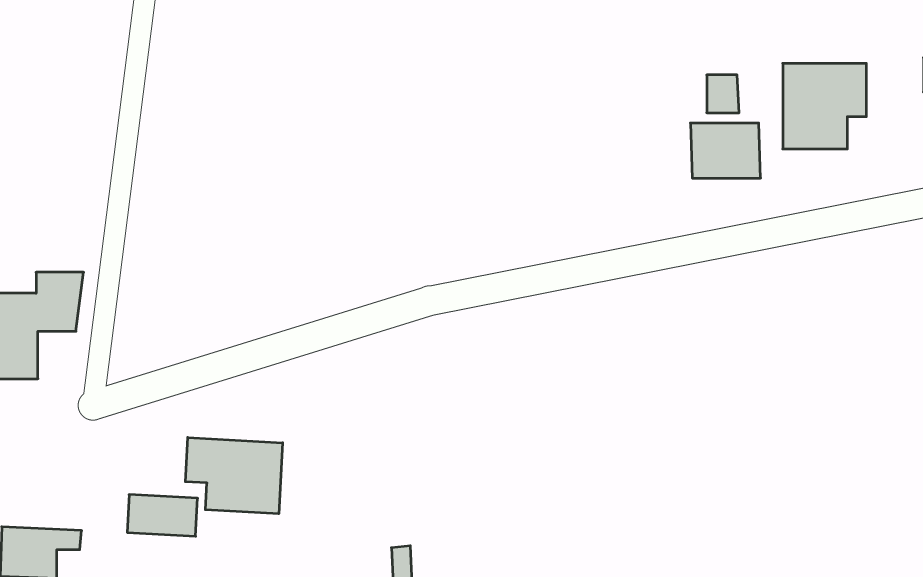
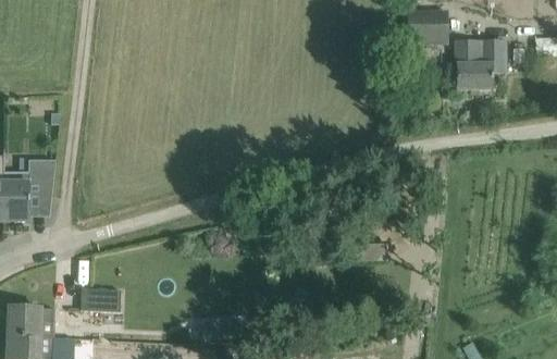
building: [690,123,761,178] -> [406,9,446,40]
building: [185,437,283,514] -> none

